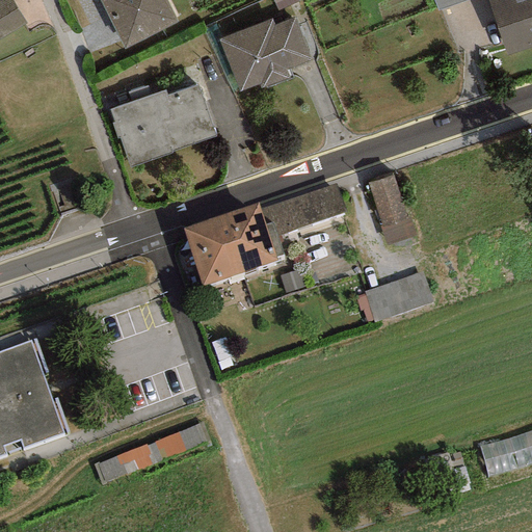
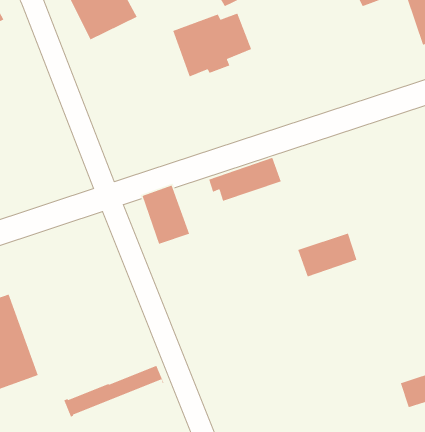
building: [110,84,216,166] -> none
building: [367,172,417,246] -> none
building: [219,202,283,272] -> none

